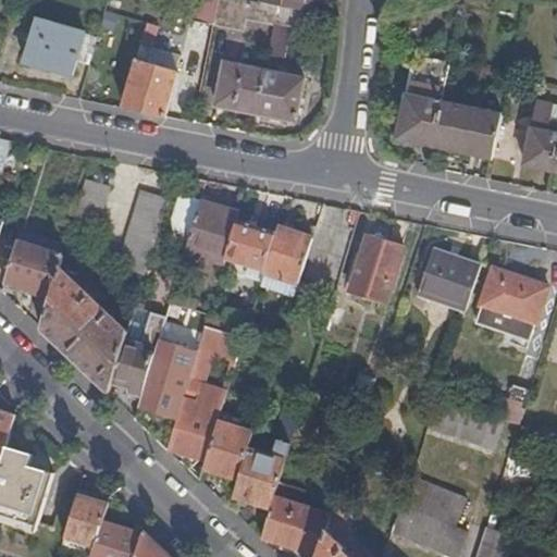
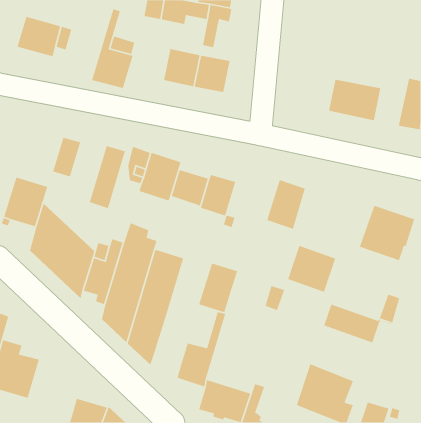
building: [396,60,448,146] -> none
building: [416,248,480,311] -> [287,245,336,293]
building: [202,411,255,478] -> [198,263,238,313]
building: [62,493,108,548] -> none

